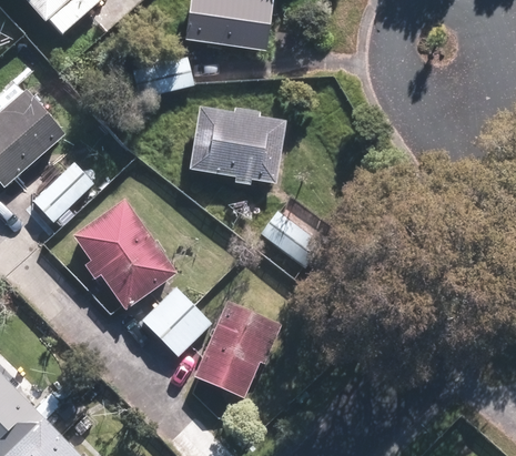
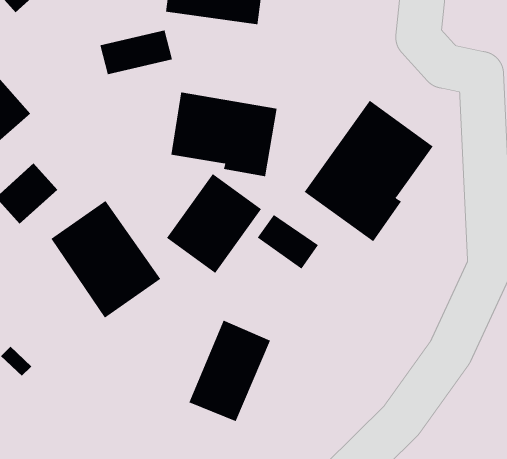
building: none -> [304,100,434,242]
building: none -> [166,173,262,274]
building: [145,290,211,354] -> none

